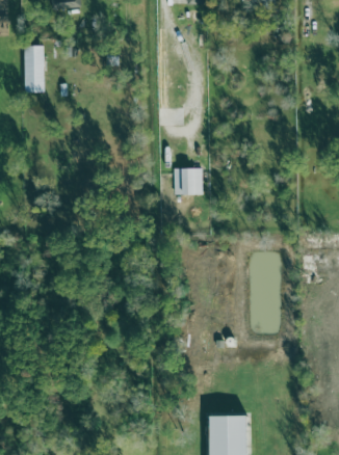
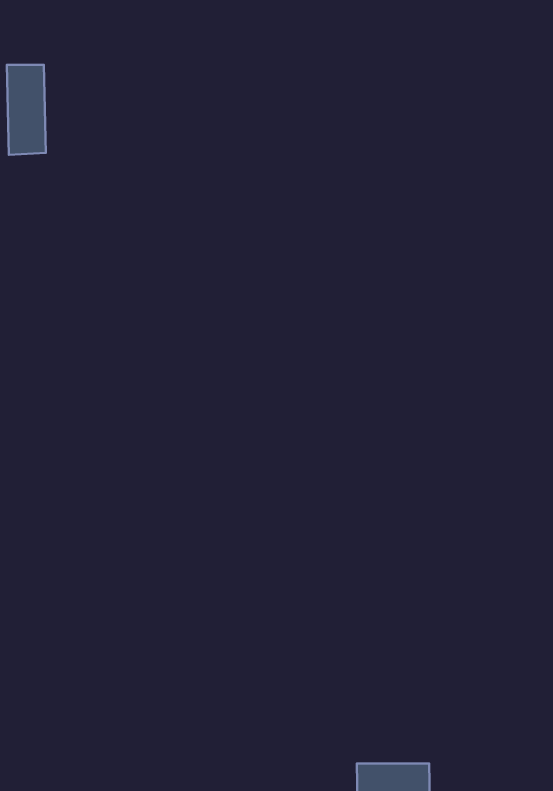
building: [173,168,202,195] -> none

